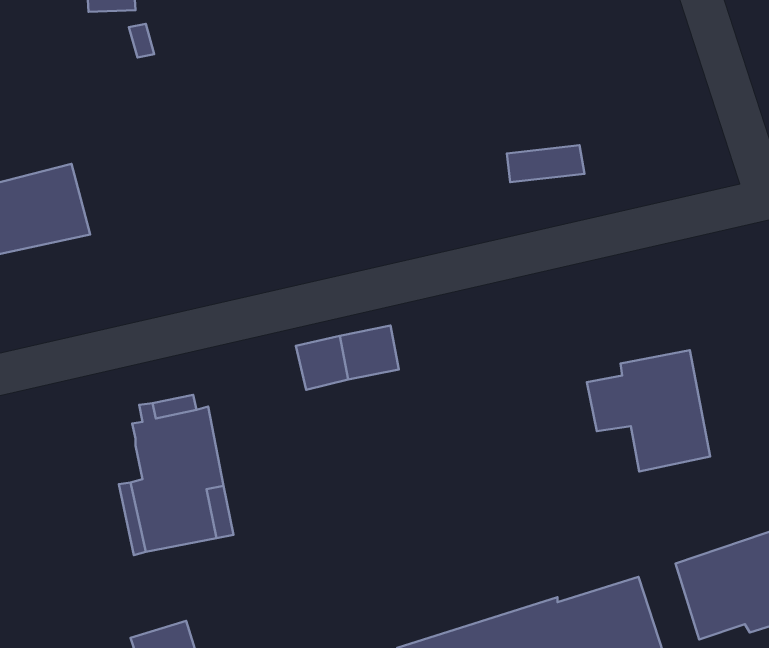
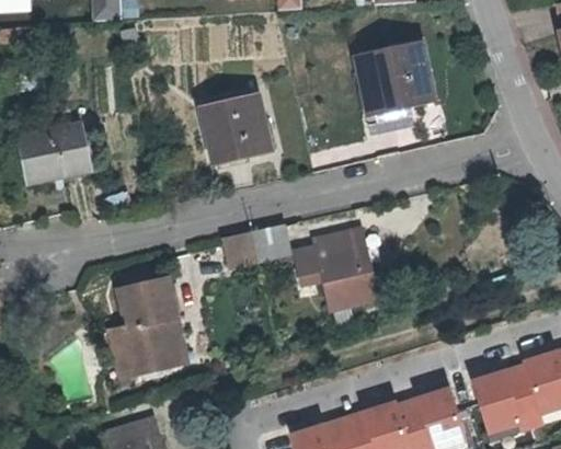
building: none -> [355,44,432,108]
building: none -> [201,95,270,162]
building: [587,350,710,472] -> [295,234,375,313]

